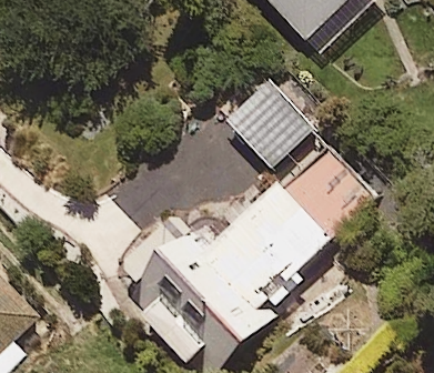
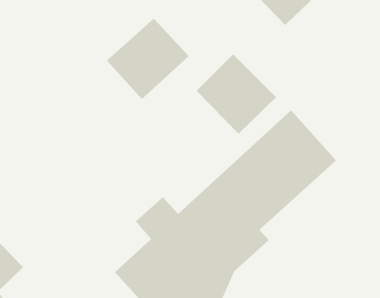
building: none -> [106,18,189,100]

